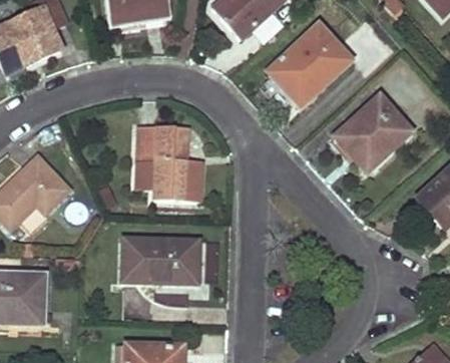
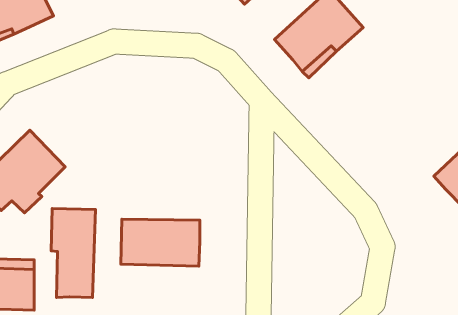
building: [339,96,409,171] -> none
building: [136,125,202,198] -> none
building: none -> [51,208,96,298]

